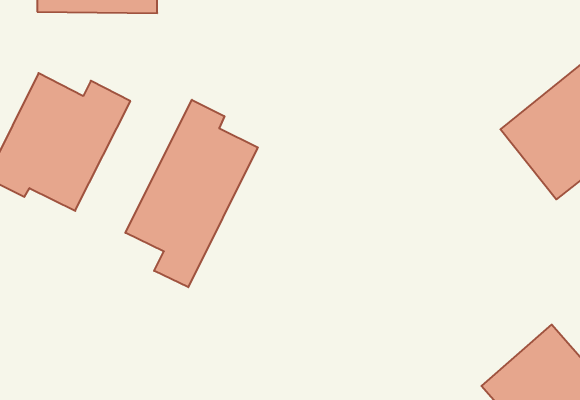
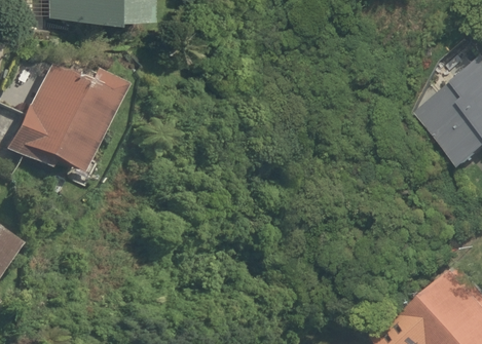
building: [125,100,258,287] -> none

